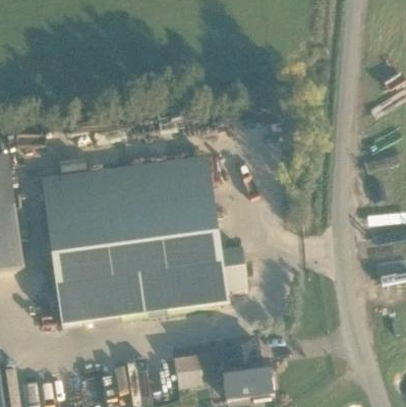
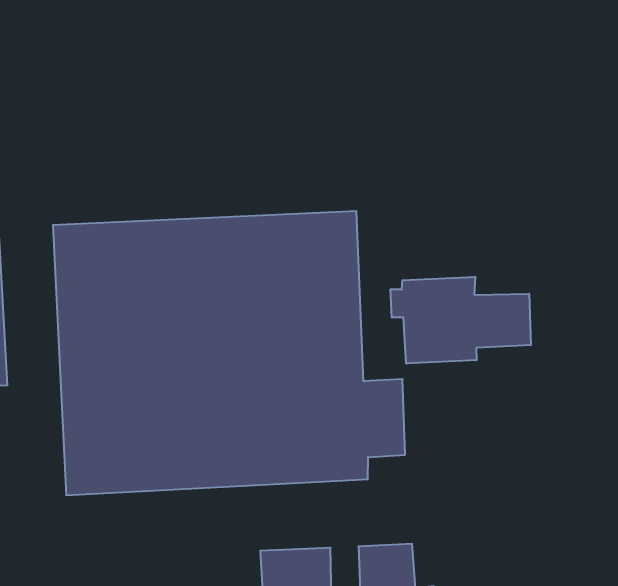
building: none -> [390,277,531,364]

